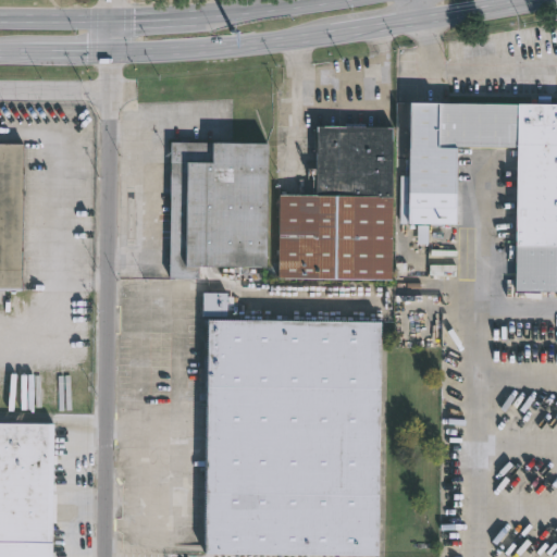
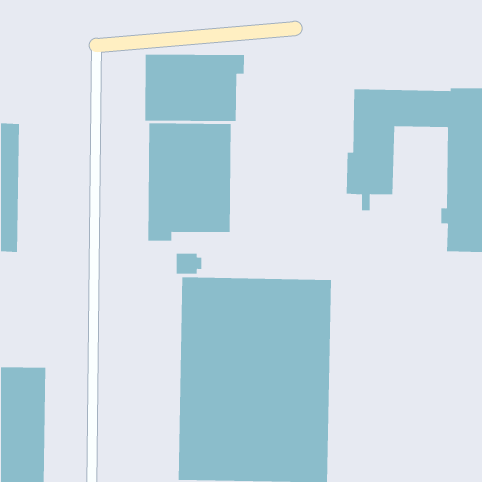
building: none -> [145,54,244,122]
building: [280,126,395,281] -> none

